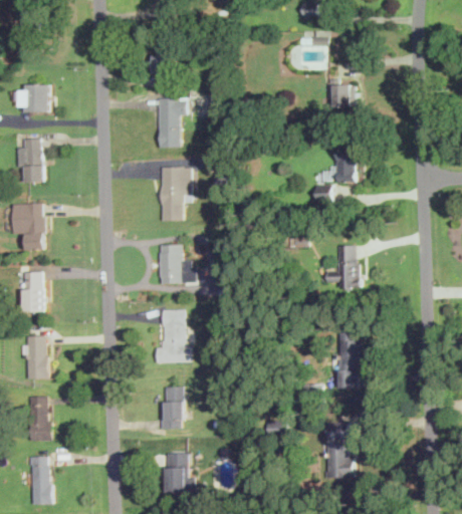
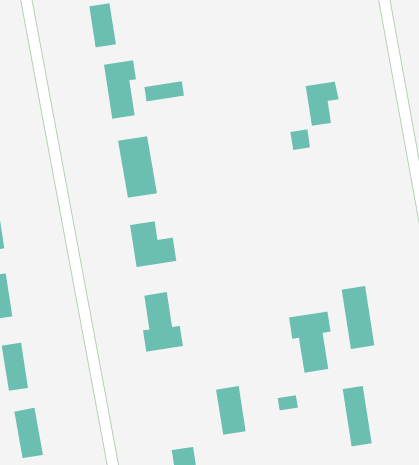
building: [332,83,355,108] -> none
building: none -> [144,81,185,102]
building: [326,246,357,289] -> none
building: none -> [288,311,331,373]
building: [161,387,183,429] -> [215,386,246,435]

